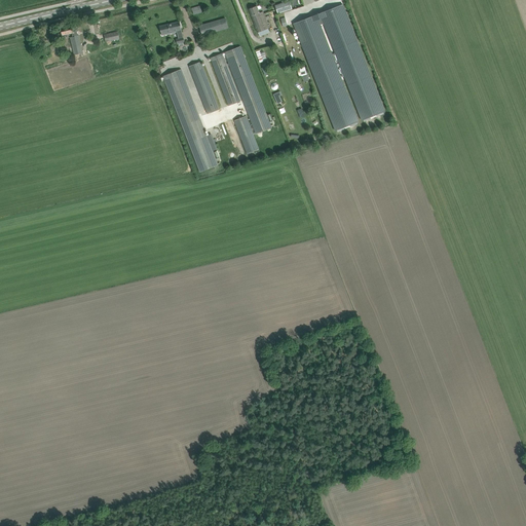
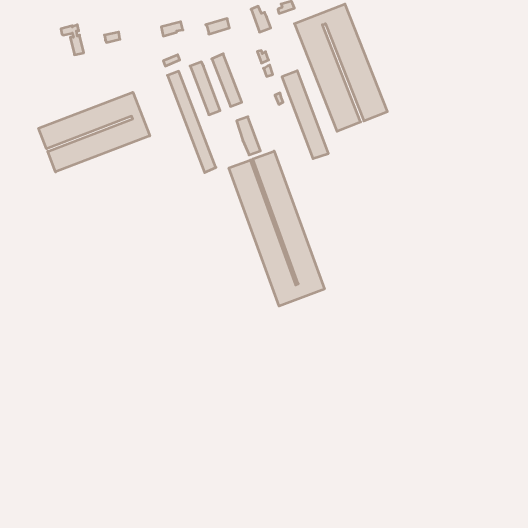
building: [225,46,271,134] -> [282,71,328,159]
building: none -> [39,92,150,172]
building: none -> [229,151,324,306]

